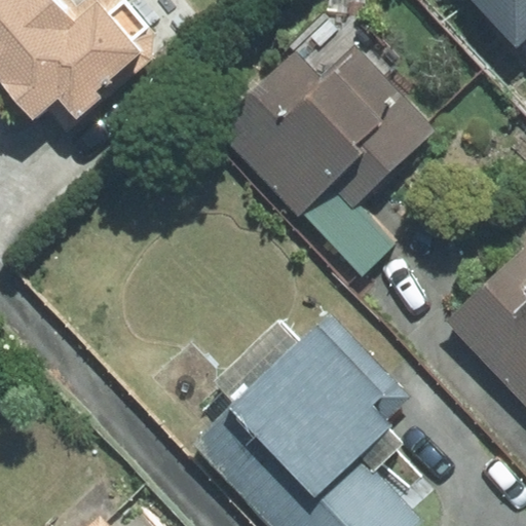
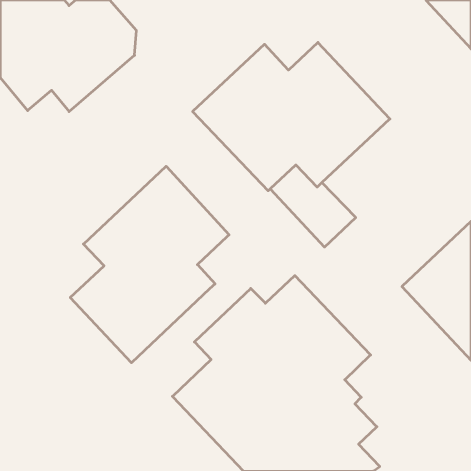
building: none -> [70,166,229,363]

